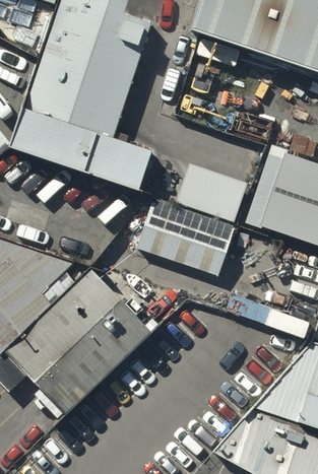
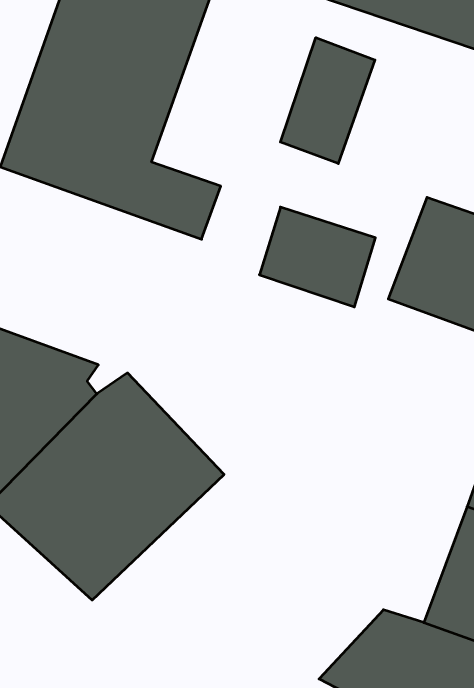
building: none -> [280,38,375,164]
building: [135,201,234,276] -> none

